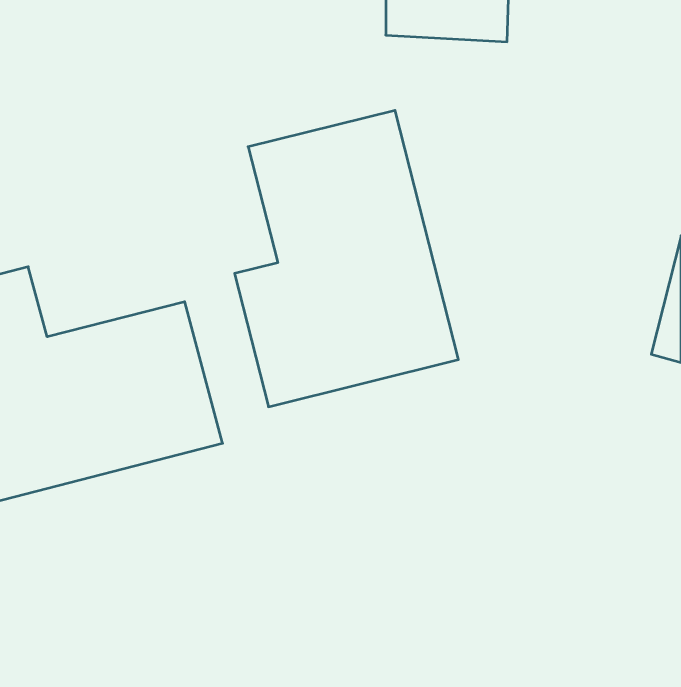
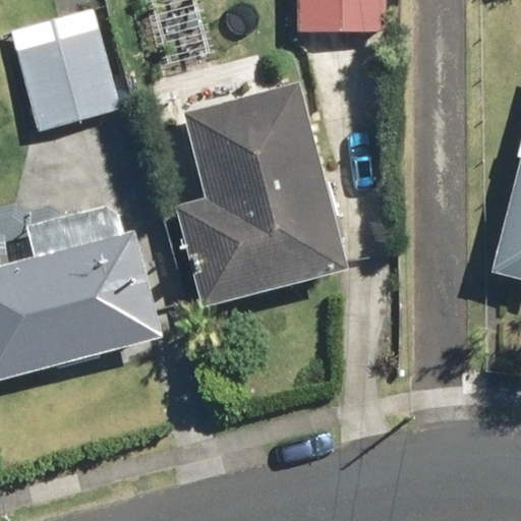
building: none -> [11,9,122,131]

